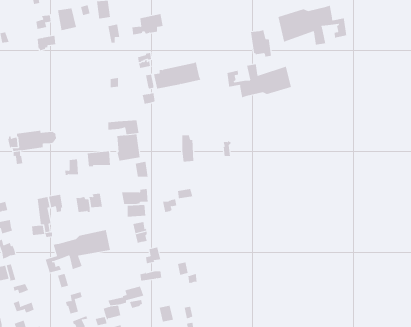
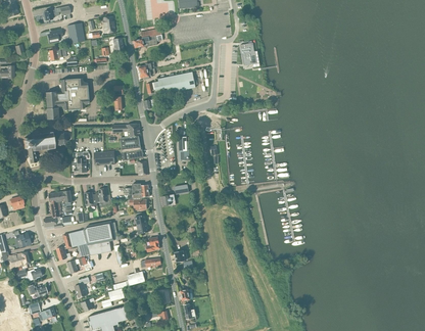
building: [278,5,347,45] -> none
building: [227,64,291,98] -> none
building: none -> [46,78,89,119]

